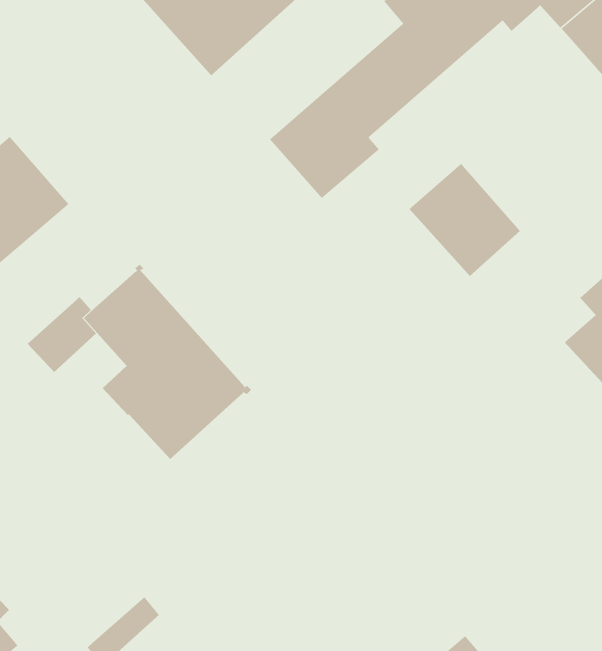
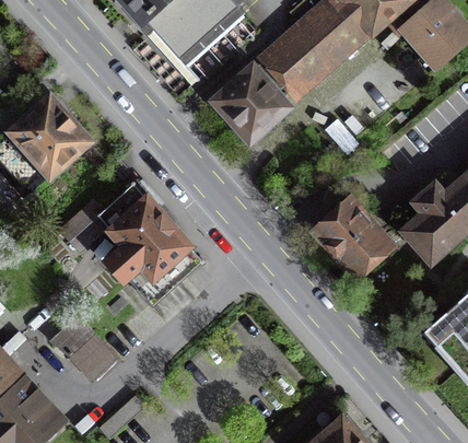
building: [408,163,521,277] -> [317,201,389,275]
building: none -> [52,317,116,380]

